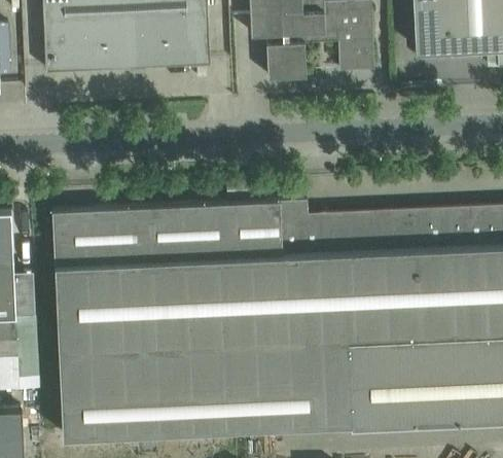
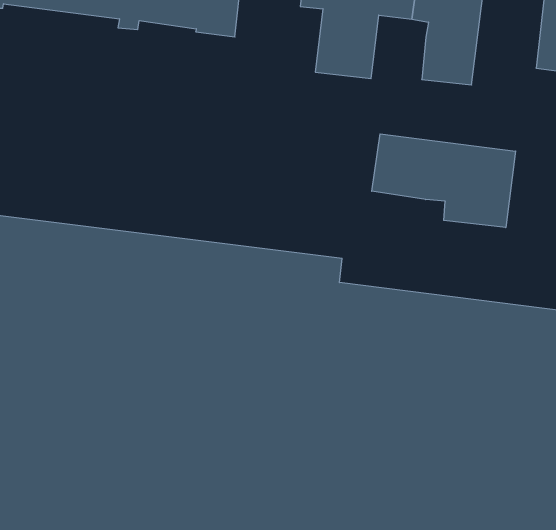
building: none -> [372,134,516,228]

